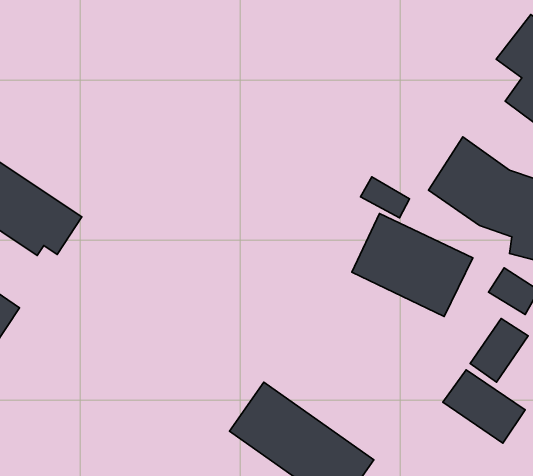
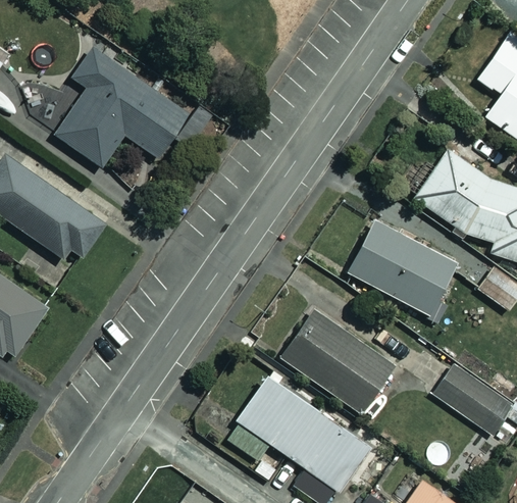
building: none -> [49,48,186,168]
building: none -> [280,310,399,416]
building: [470,318,528,382] -> none

